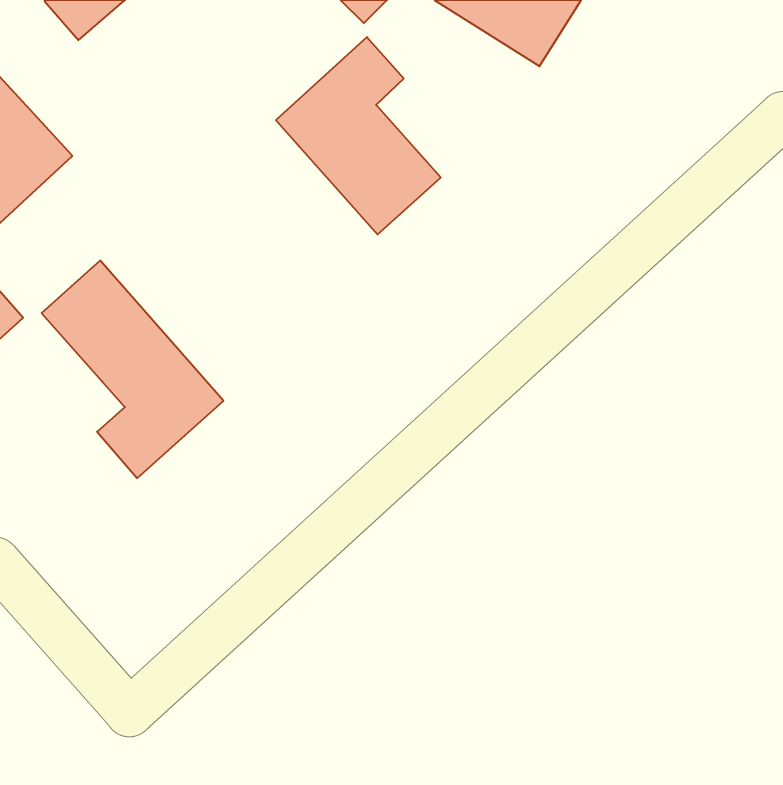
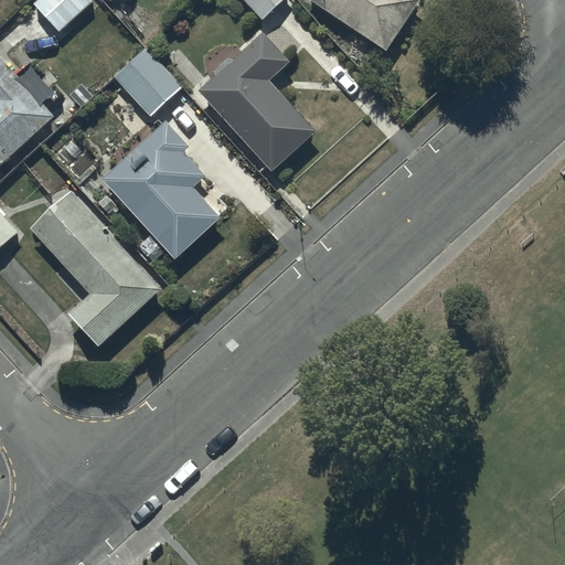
building: none -> [107,47,179,119]
building: none -> [102,120,218,257]

